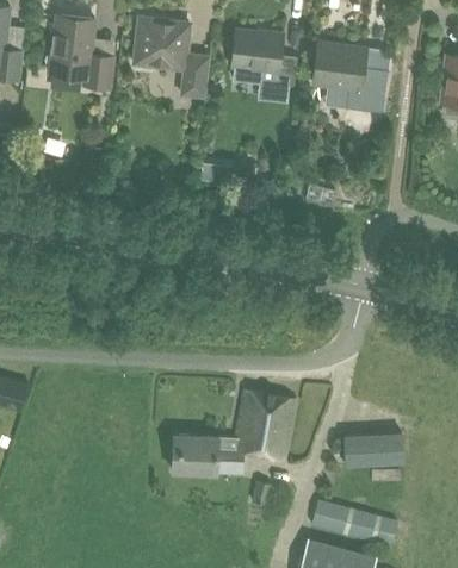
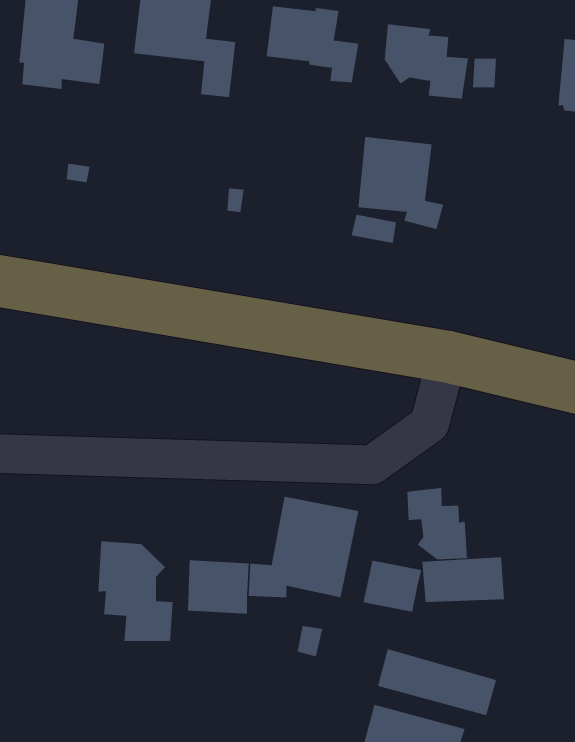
building: none -> [358,136,444,230]
building: none -> [407,487,467,560]
building: none -> [98,541,173,642]
building: none -> [363,560,422,613]

